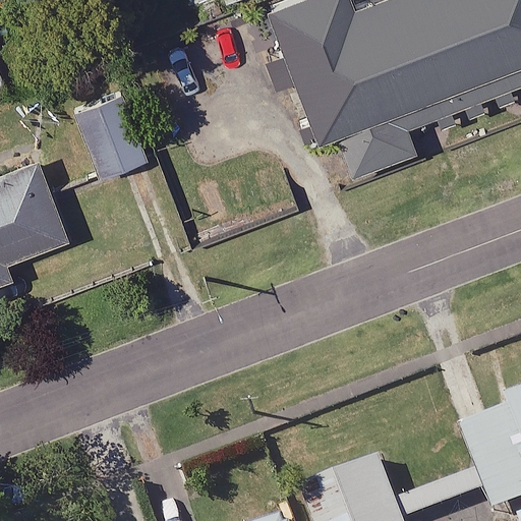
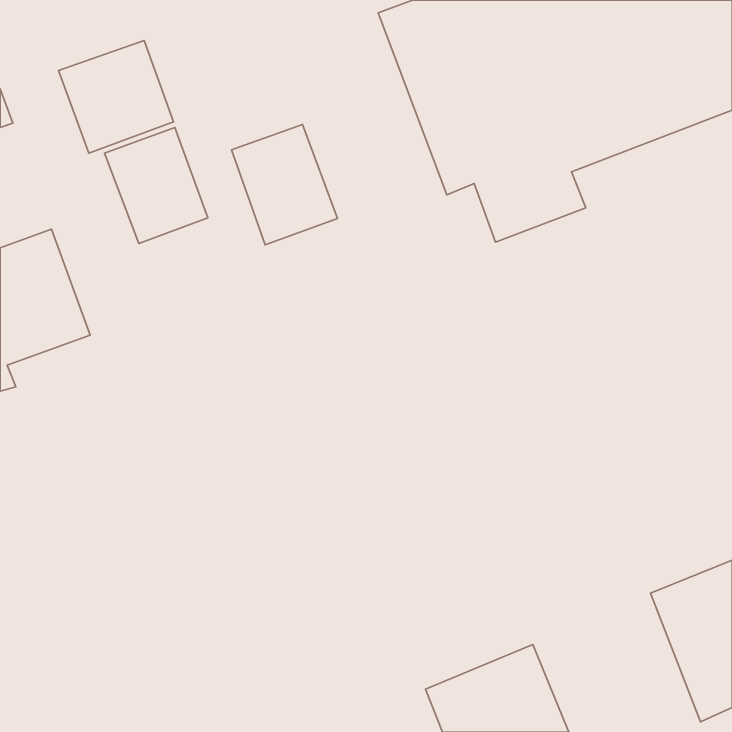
building: none -> [59,40,174,153]
building: none -> [232,124,337,245]

